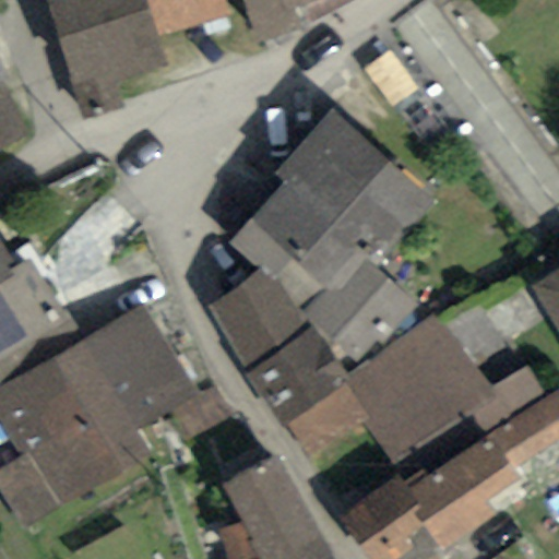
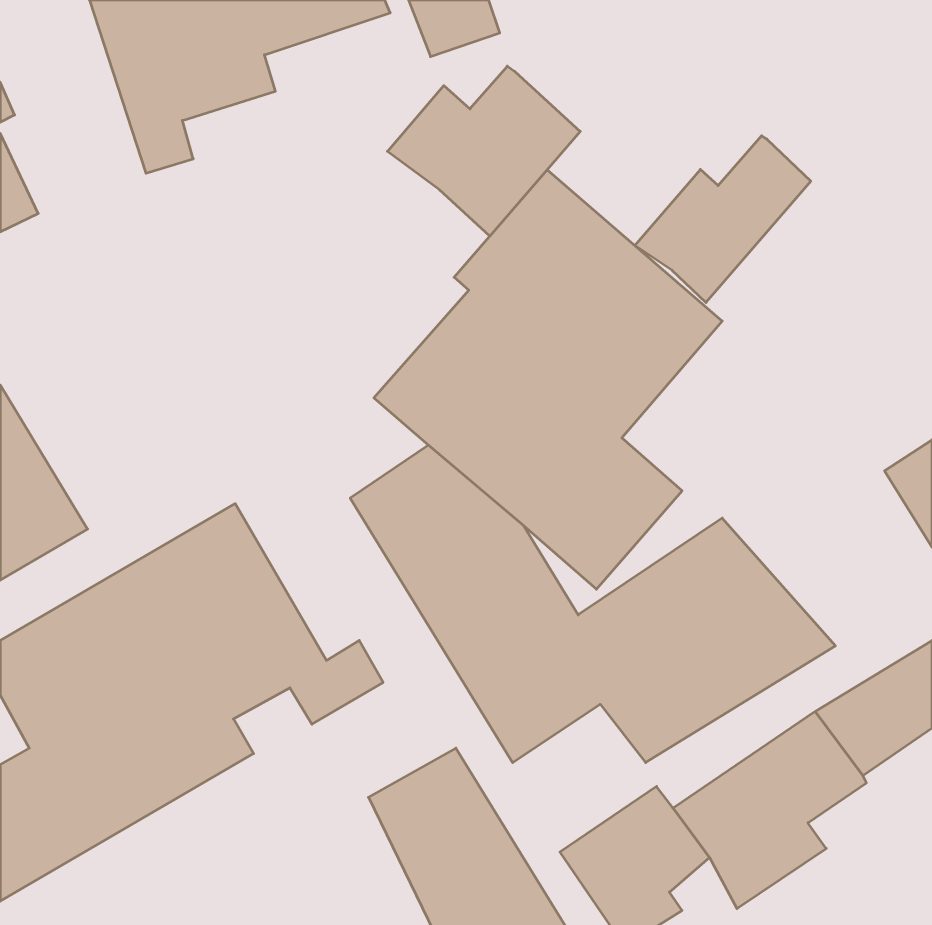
building: none -> [387,66,580,236]
building: none -> [635,136,811,303]

